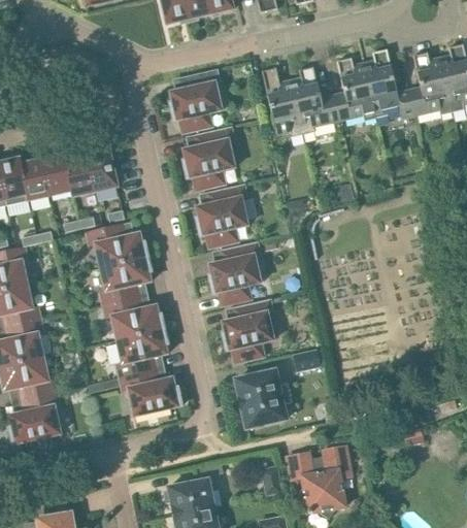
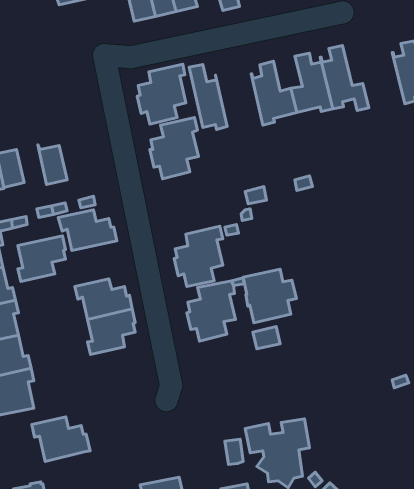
building: [408,53,453,116] -> none
building: [262,68,302,137] -> [189,64,227,130]
building: [87,151,118,192] -> none
building: [41,155,73,197] -> none
building: [196,184,247,248] -> none
building: [100,257,151,305] -> [18,236,66,282]
building: [120,369,181,417] -> [32,417,90,461]
building: [235,371,292,428] -> [243,269,297,323]
building: [162,476,213,516] -> none

